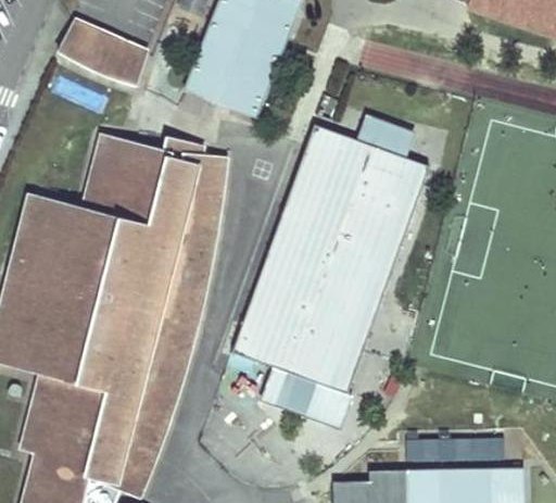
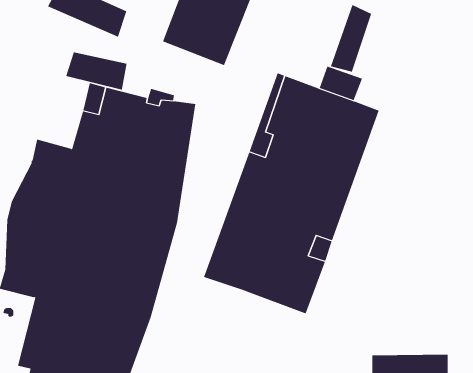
building: none -> [330,4,372,73]
building: none -> [65,51,127,90]
building: [260,365,350,427] -> none

